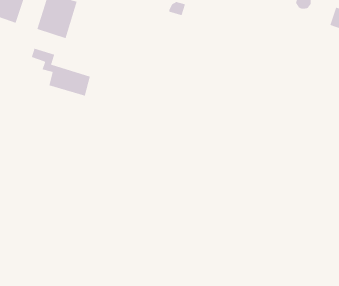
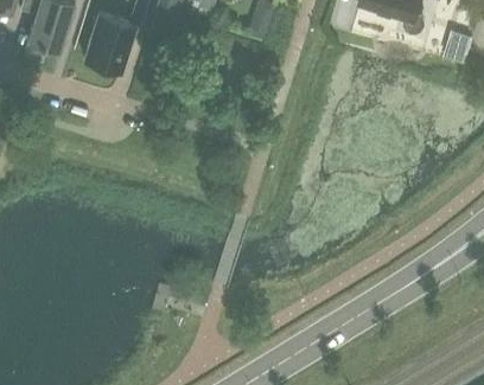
building: [31,48,90,97] -> none

